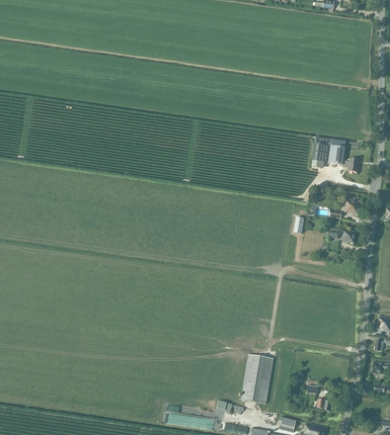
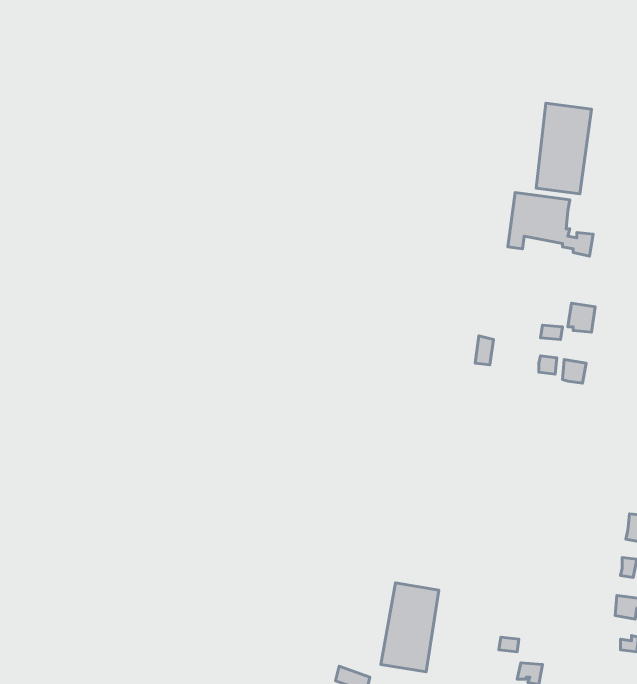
building: none -> [536,103,592,194]

